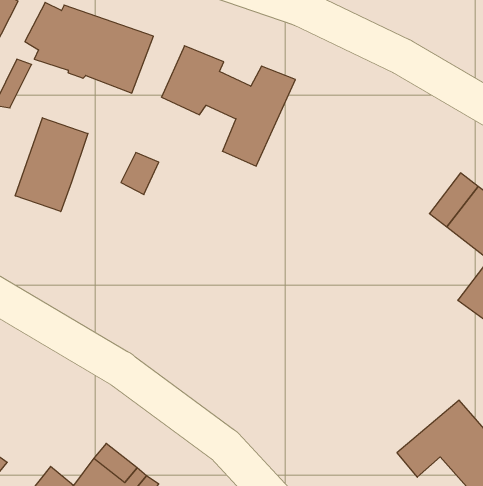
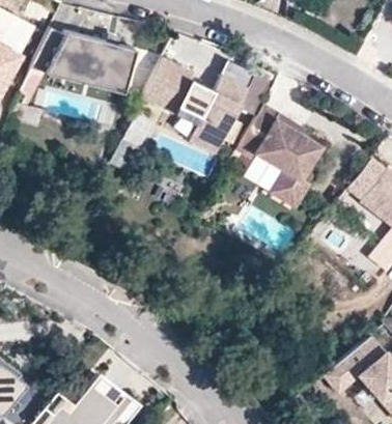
building: none -> [237,106,319,208]
building: [15,118,88,212] -> none

